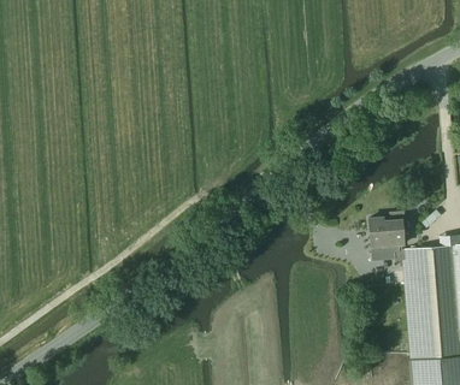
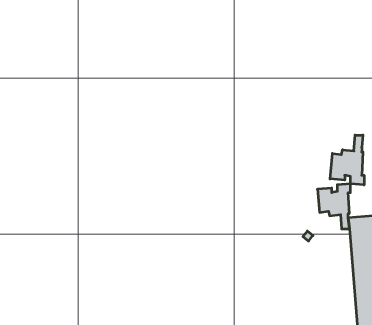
building: none -> [330,135,364,185]

